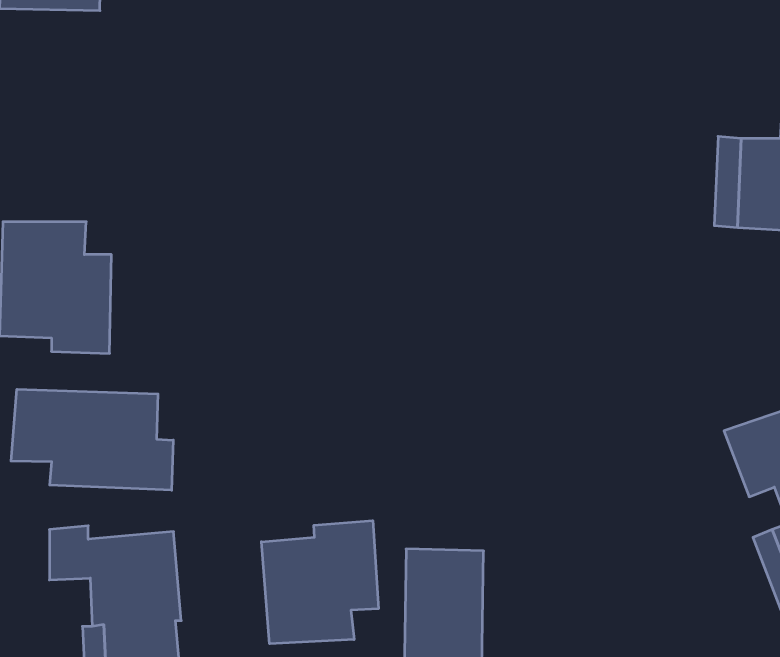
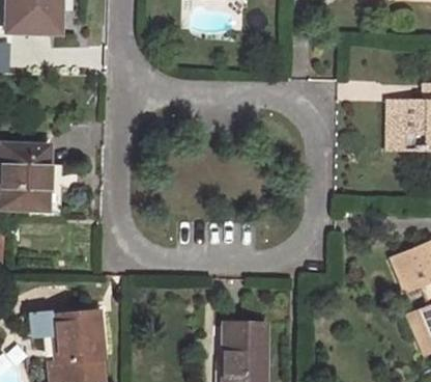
building: [11,389,173,490] -> none
building: [261,521,378,644] -> none

